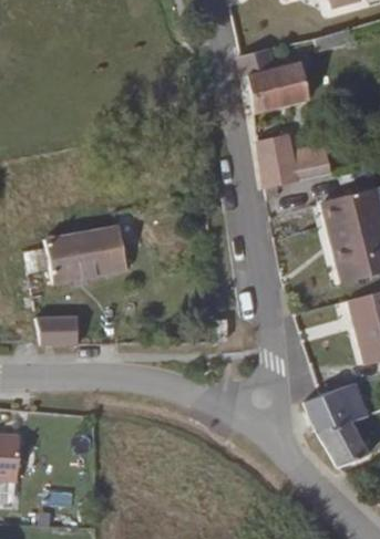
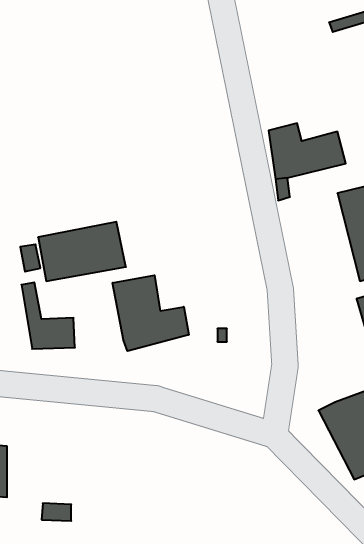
building: [240,48,314,114] -> none
building: none -> [113,275,189,351]

